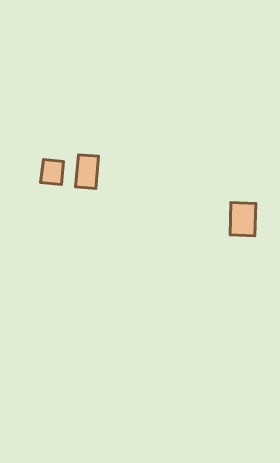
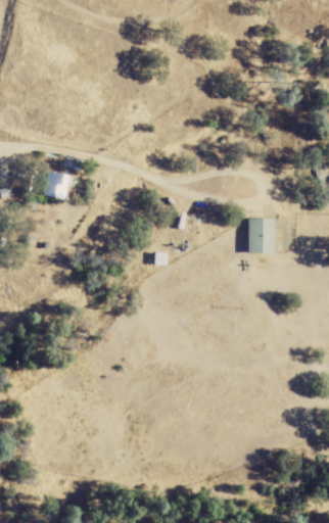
building: [76,155,99,188] -> none

